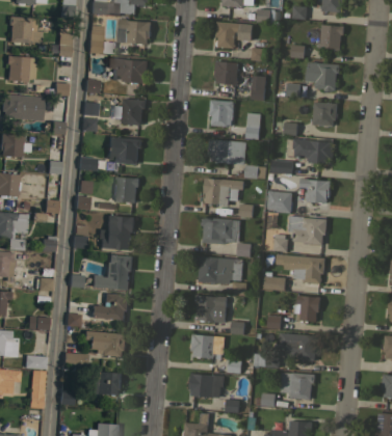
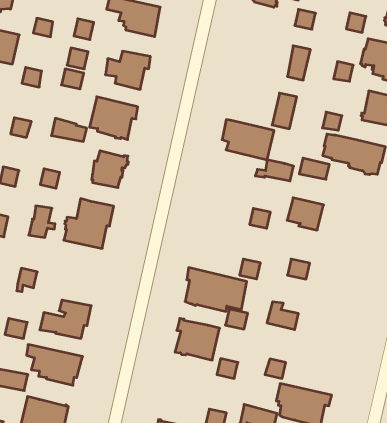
building: [214,61,239,85] -> none
building: [210,100,235,127] -> none
building: [204,178,244,207] -> none
building: [300,179,332,203] -> none
building: [289,216,328,245] -> none
building: [202,217,234,244] -> none
building: [92,254,133,290] -> none
building: [277,254,325,283] -> none
building: [294,295,321,323] -> none
building: [191,334,226,359] -> none

